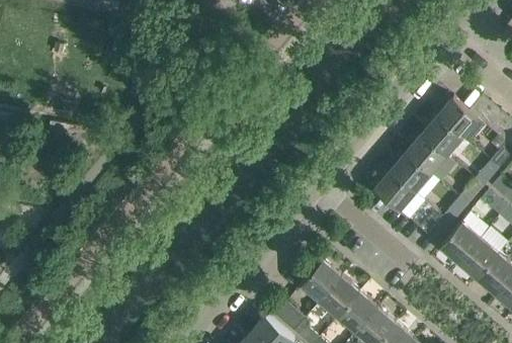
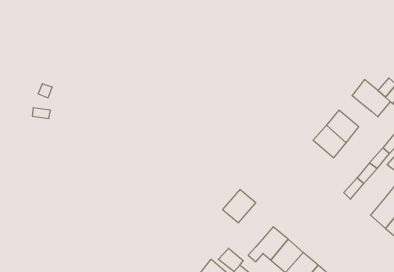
building: [423,120,463,159] -> none
building: [375,175,427,224] -> none
building: [442,226,482,266] -> none
building: [303,264,343,305] -> [223,189,256,223]

